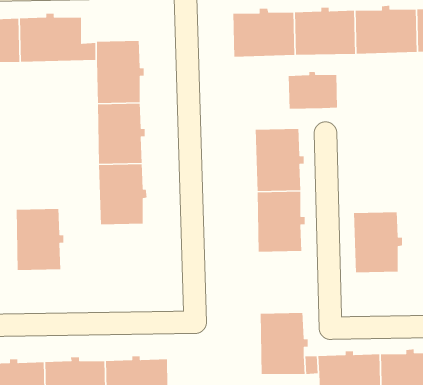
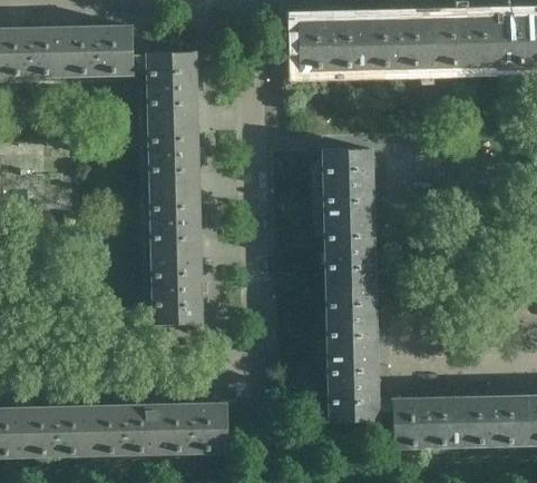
building: [288,71,338,109] -> none
building: [16,208,64,271] -> [150,255,204,324]
building: [353,212,403,273] -> [324,285,379,353]

